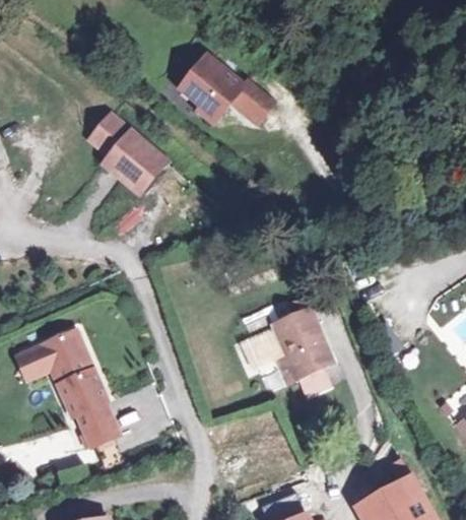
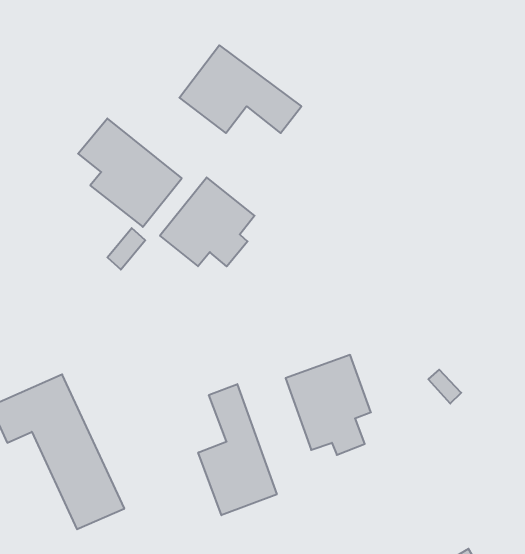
building: none -> [160,177,255,266]
building: none -> [198,384,277,515]

